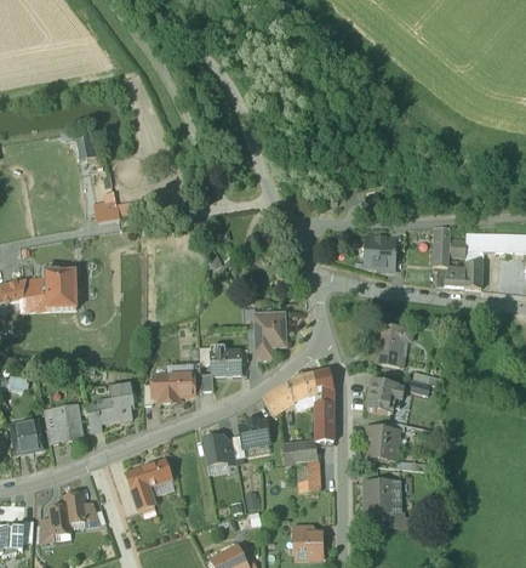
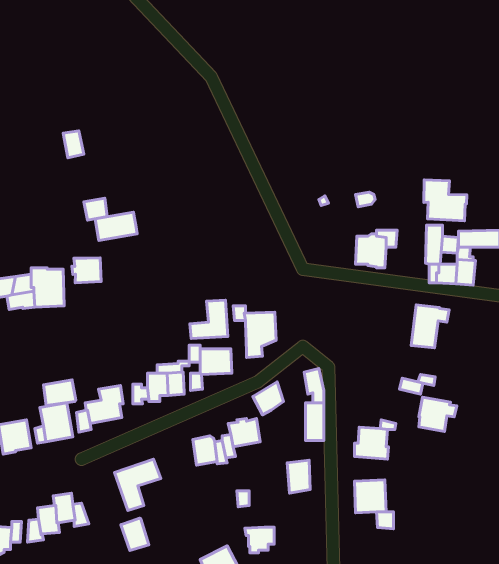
building: none -> [424,180,467,221]
building: none -> [95,212,137,241]
building: none -> [72,258,101,283]
building: none -> [190,300,228,338]
building: [376,323,413,365] -> [411,305,449,348]
building: [287,373,318,402] -> none
building: [367,380,405,414] -> [419,397,457,432]
building: none -> [44,380,76,406]
building: [284,441,319,464] -> none
building: none -> [121,518,149,550]
building: [293,532,322,557] -> [245,527,274,553]

